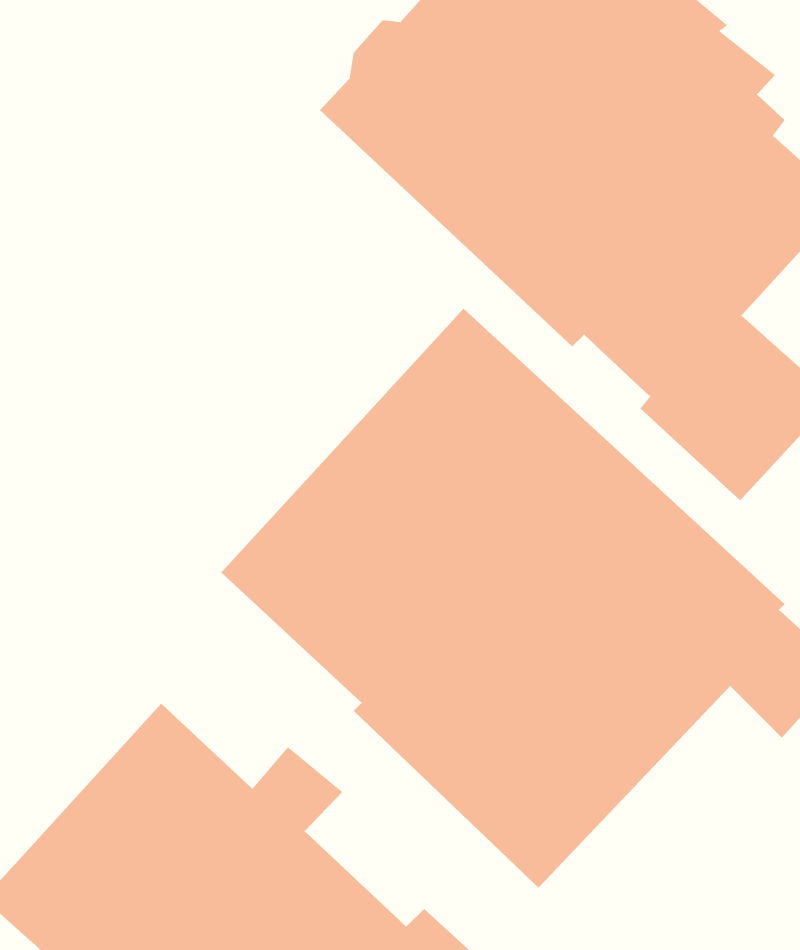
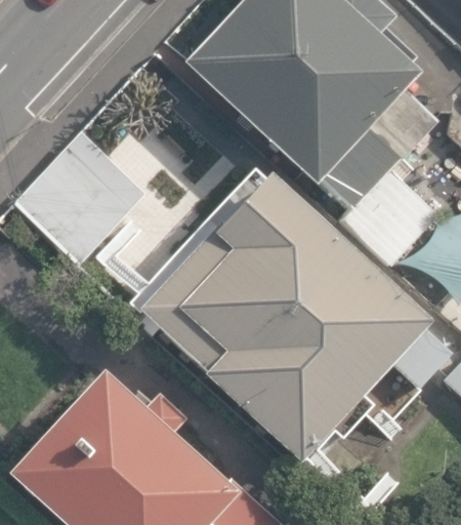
building: none -> [24,131,157,267]

